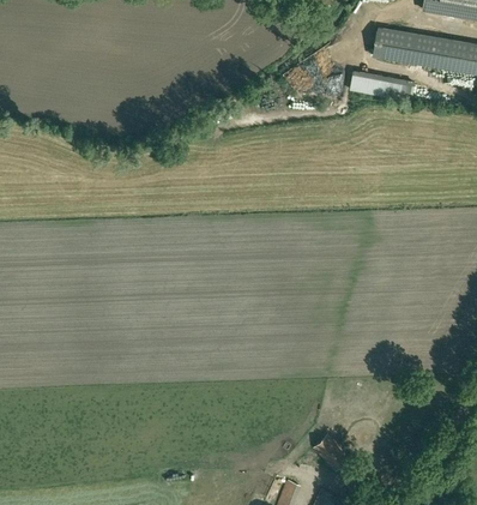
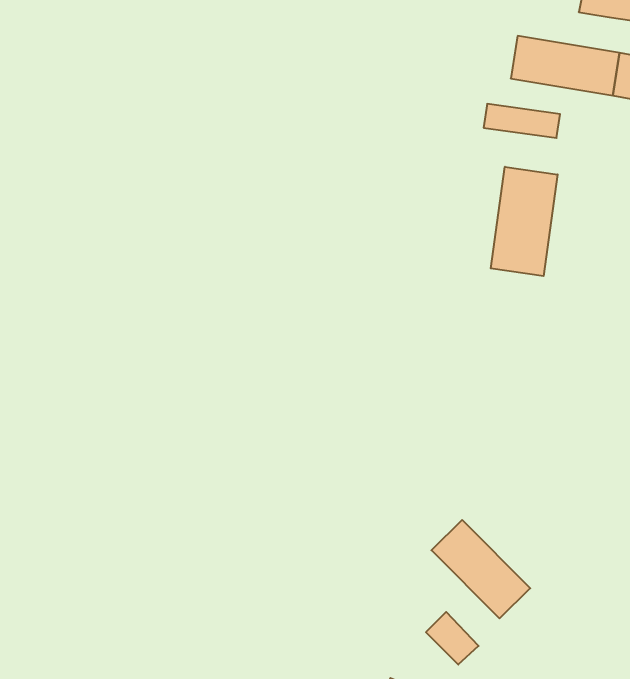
building: none -> [491,167,558,276]
building: none -> [431,520,530,618]

